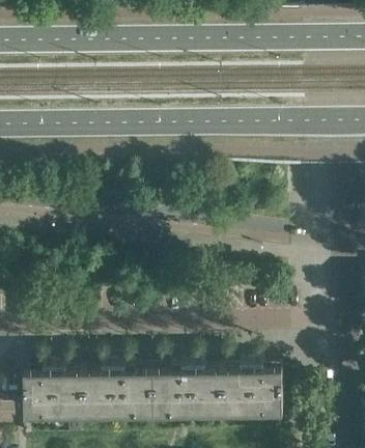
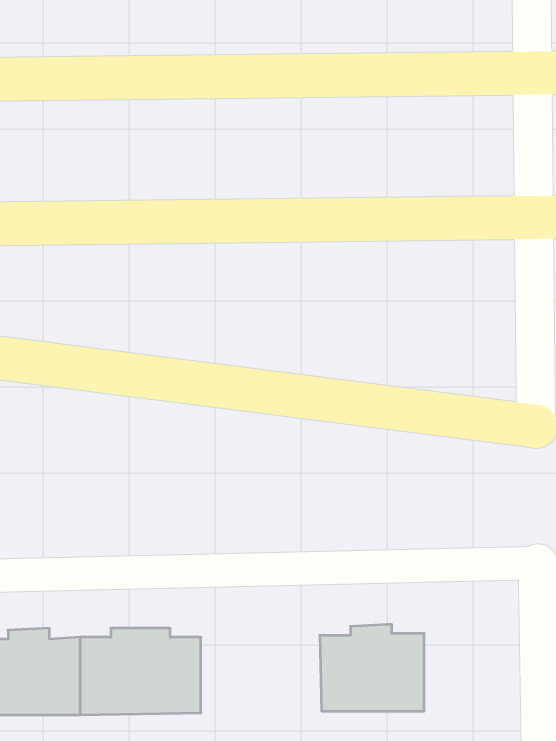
building: [153,368,223,418] -> none

